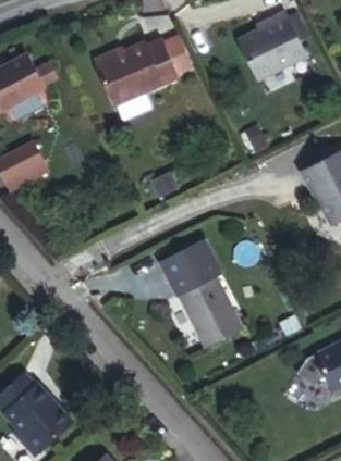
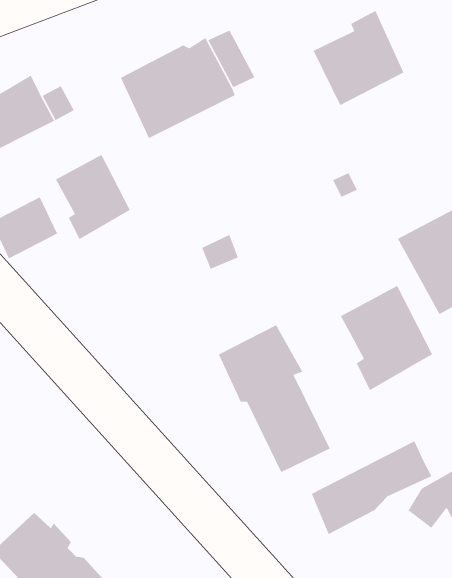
building: none -> [55,154,131,240]
building: none -> [340,285,433,391]
building: none -> [311,440,432,535]

